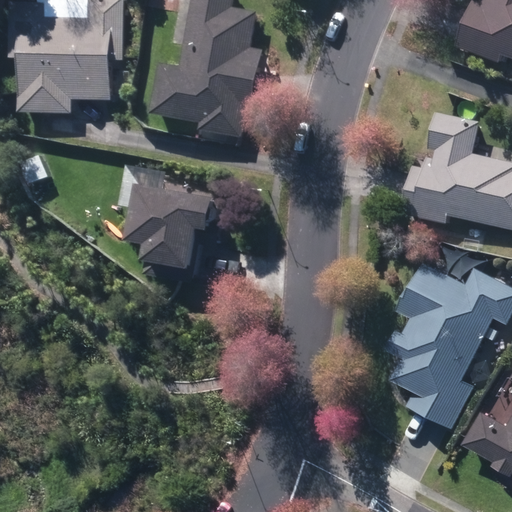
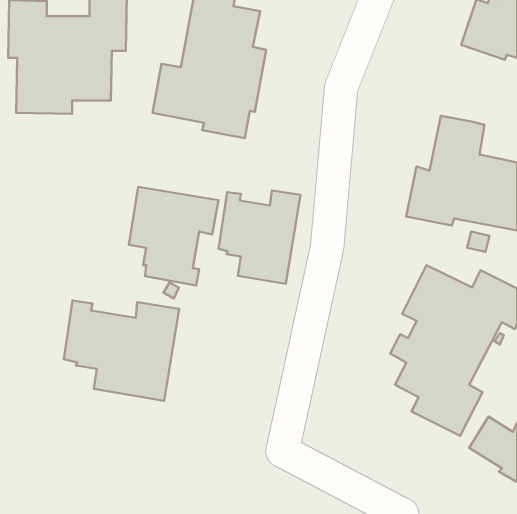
building: none -> [219,191,300,284]
building: none -> [64,301,179,401]

